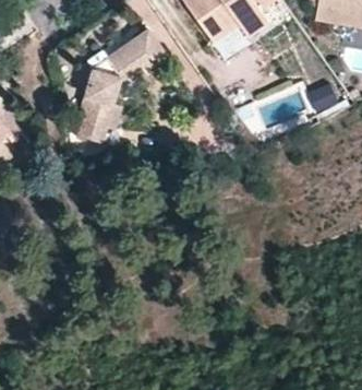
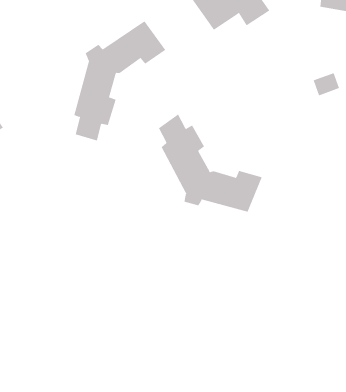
building: none -> [158,113,262,212]

